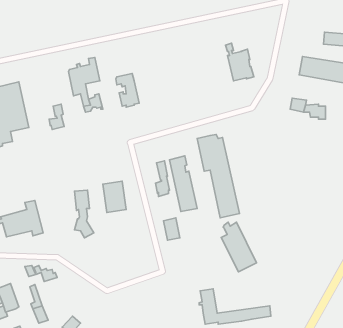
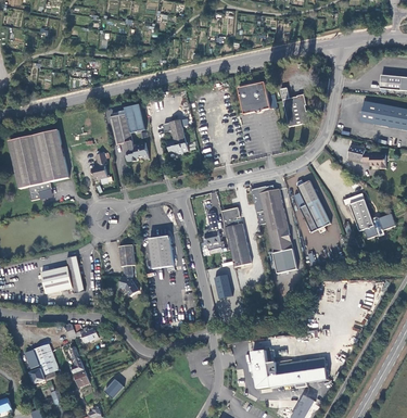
building: none -> [239,83,271,114]
building: none -> [348,199,393,239]
building: [221,222,257,272] -> [292,179,330,232]

